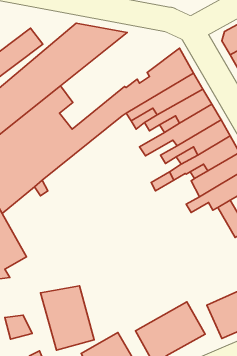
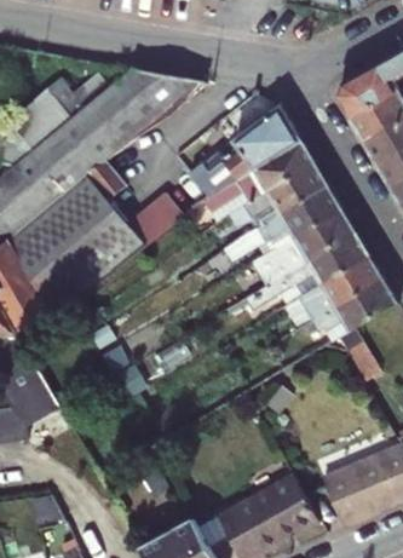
building: [40,286,94,350] -> none

